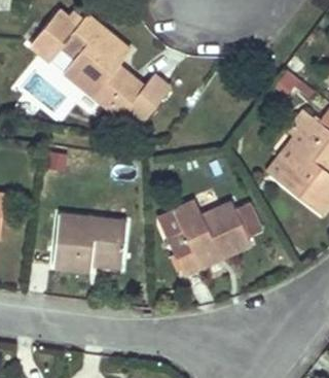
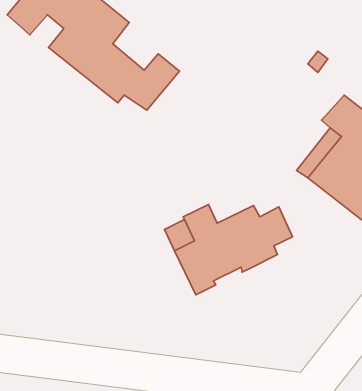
building: [53,214,126,270] -> none

